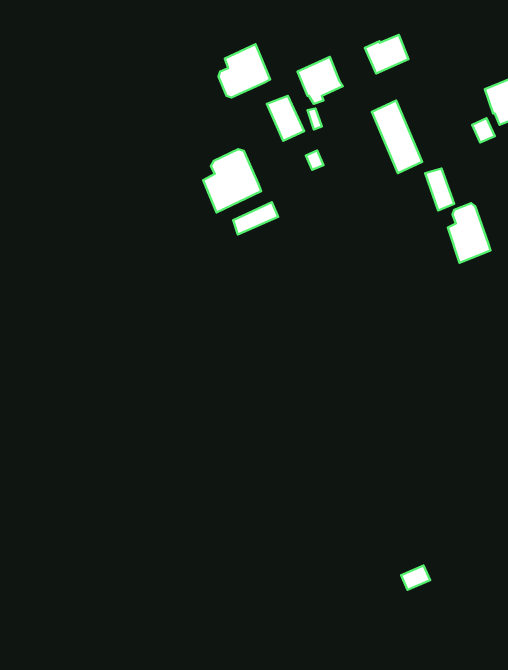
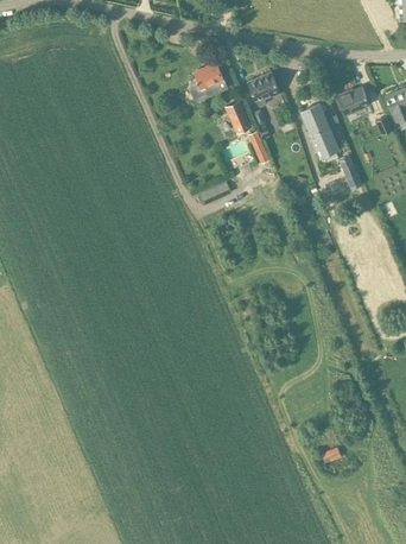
building: [365,35,408,74] -> [337,86,369,114]
building: [203,149,261,212] -> none
building: [448,203,490,263] -> none

